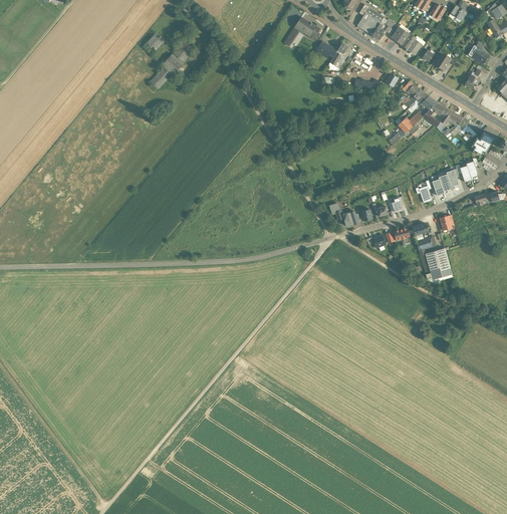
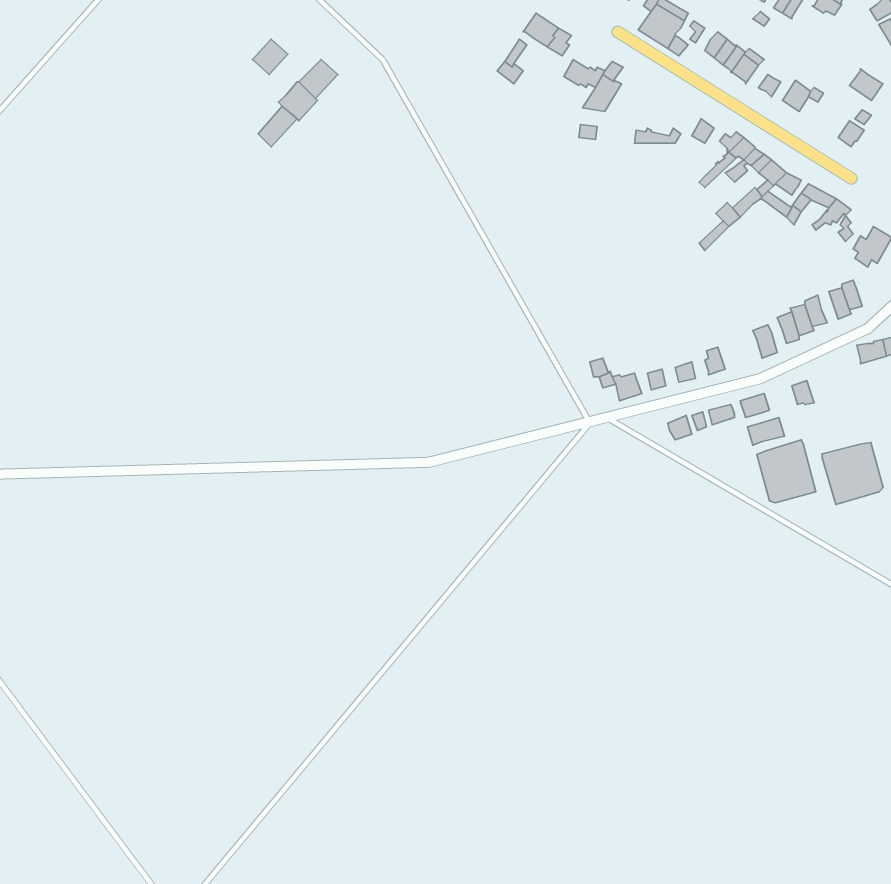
building: none -> [822,442,883,504]

